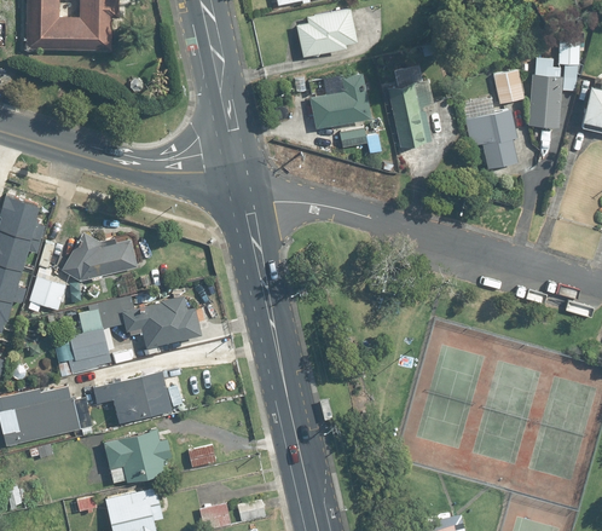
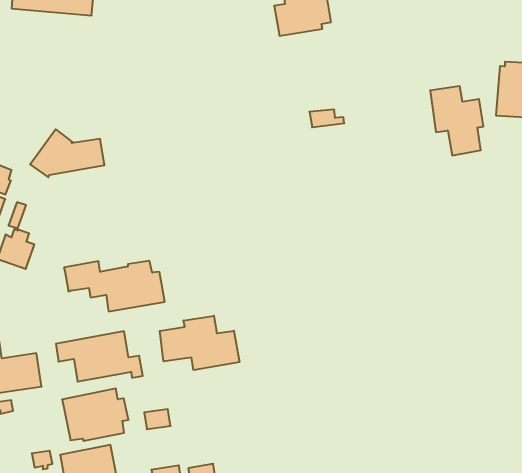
building: [388,67,434,148] -> none
building: [492,71,523,105] -> none
building: [308,74,371,129] -> none
building: [60,233,137,283] -> [30,129,105,177]
building: [52,311,114,377] -> none
building: none -> [160,316,239,370]

